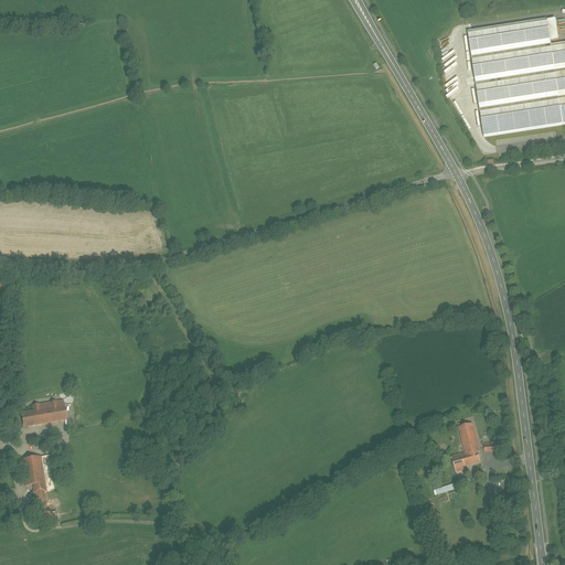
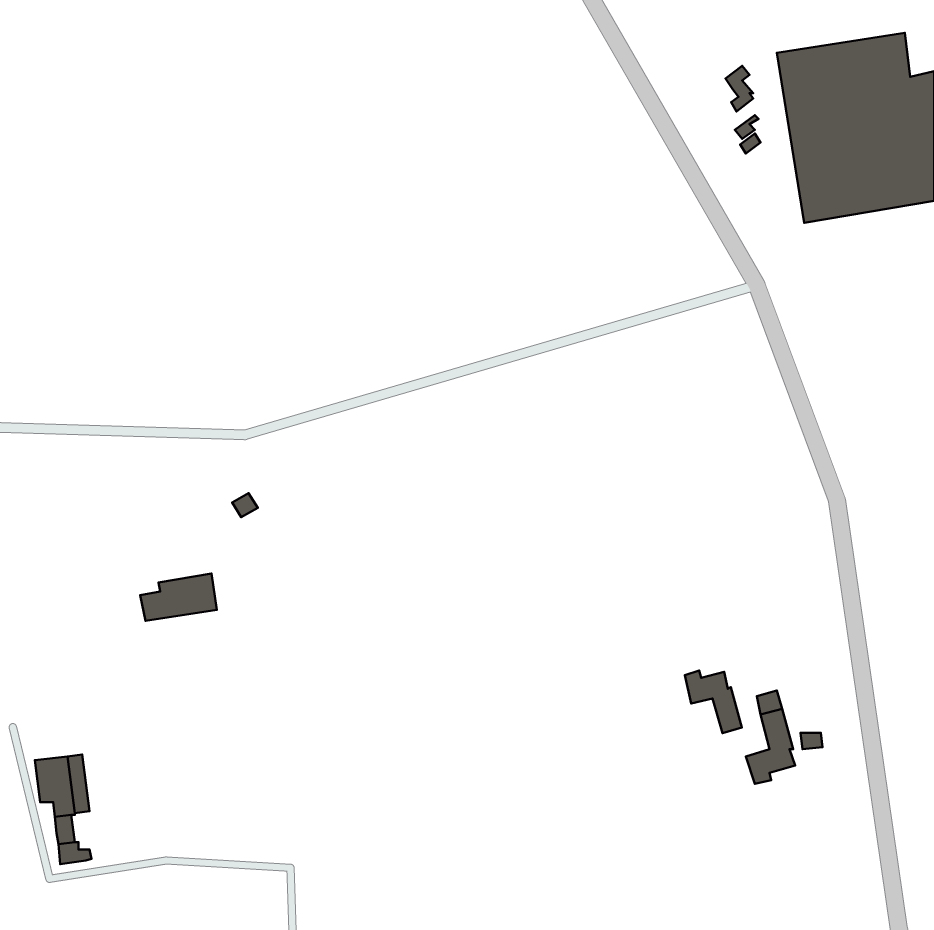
building: [20,399,66,428] -> [140,573,217,621]
building: none -> [685,670,742,733]

